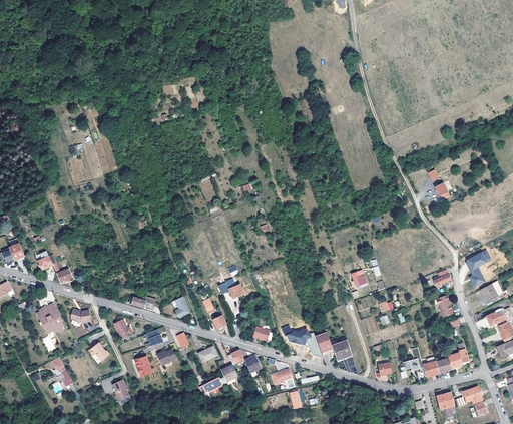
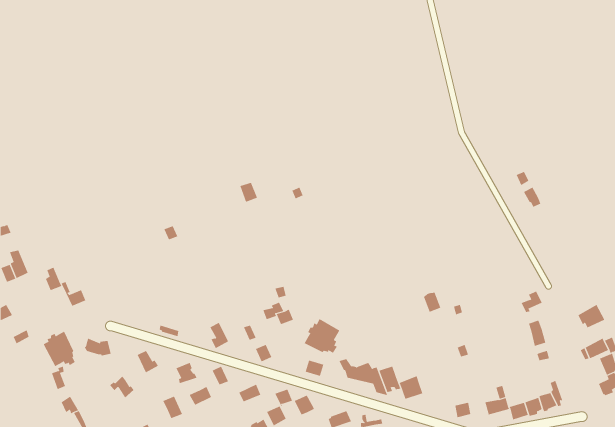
building: [466,249,490,289] -> none
building: none -> [304,318,340,354]

